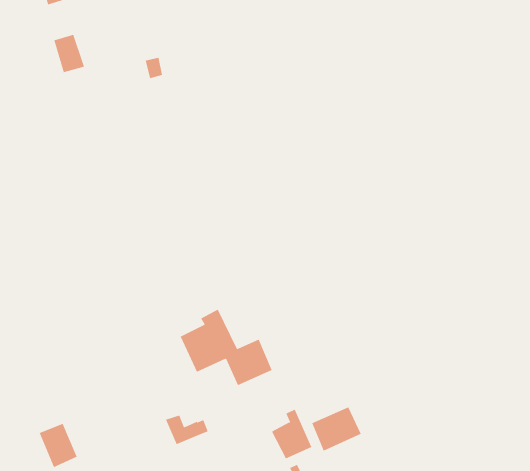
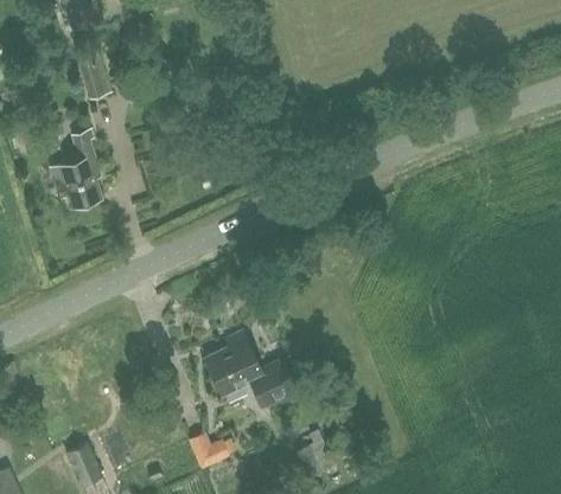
building: none -> [57,130,101,208]
building: [311,406,362,452] -> none

